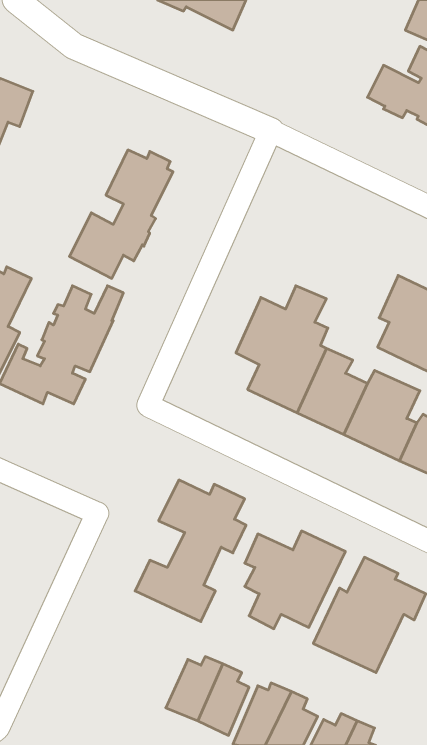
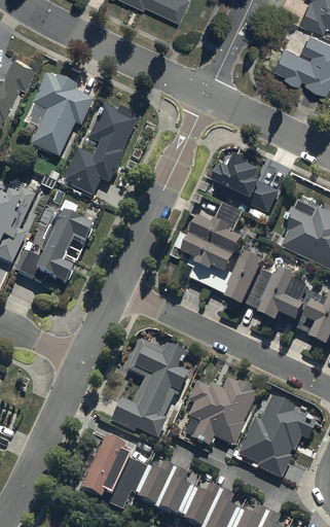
building: none -> [26,74,94,159]
building: none -> [211,148,278,211]
building: none -> [79,434,140,506]

